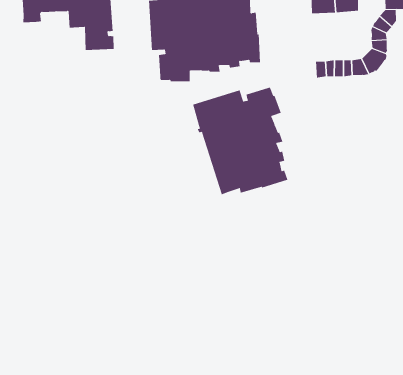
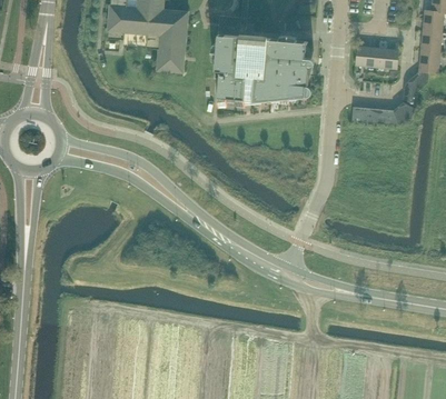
building: [192,85,288,195] -> none

